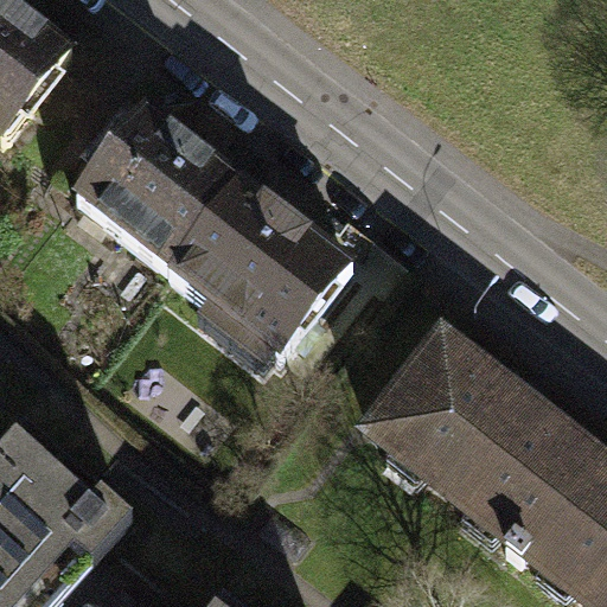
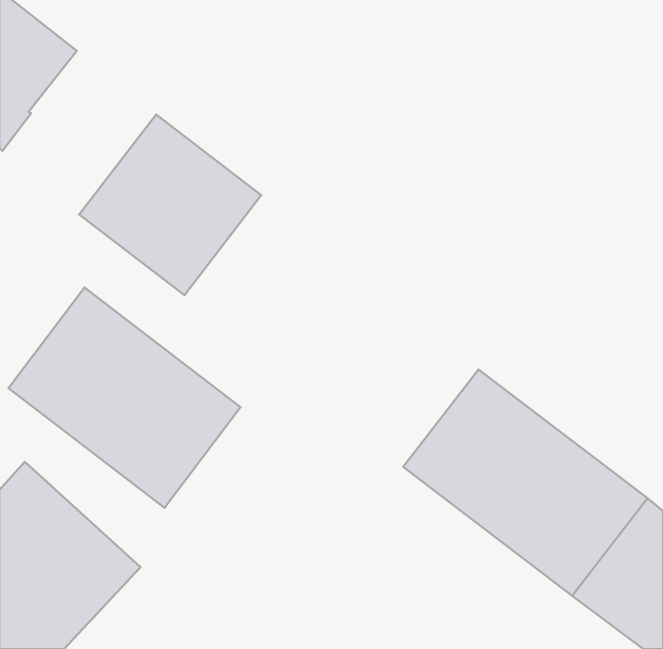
building: [168,178,346,351] -> none
building: none -> [8,287,241,508]

